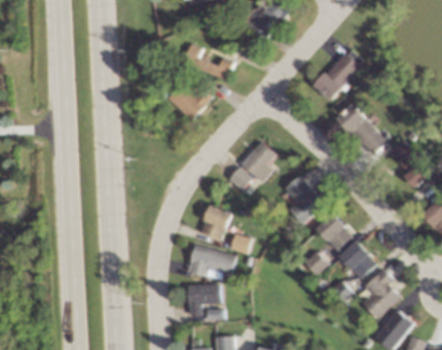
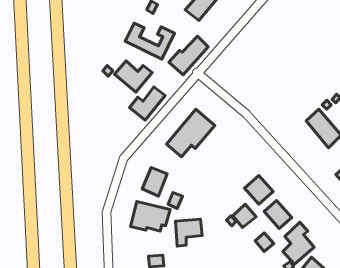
building: [314,55,359,100] -> [169,36,208,75]
building: [340,103,389,152] -> none
building: none -> [129,87,165,120]
building: [287,179,322,221] -> none
building: [188,284,219,315] -> [175,219,202,246]

